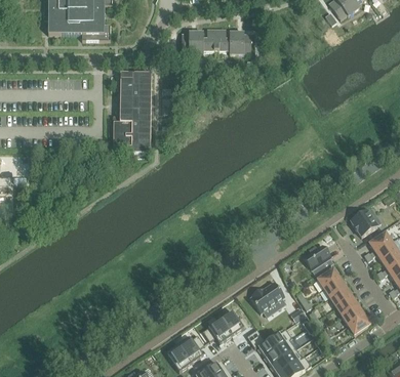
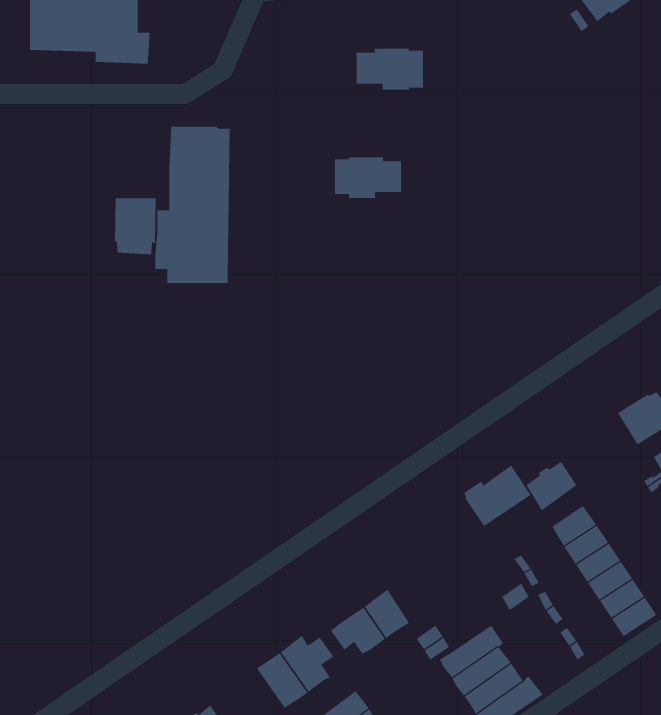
building: [182,32,216,53] -> [334,157,402,199]
building: none -> [115,197,156,255]
building: [250,281,285,312] -> [464,465,531,527]

